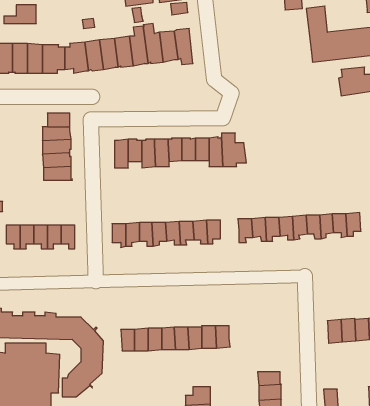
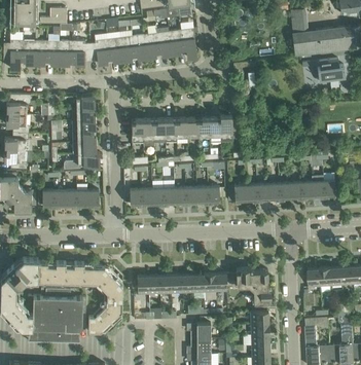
building: none -> [64,153,100,170]
building: none -> [229,269,270,309]

